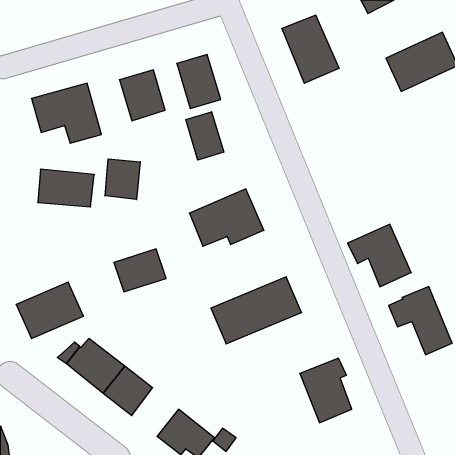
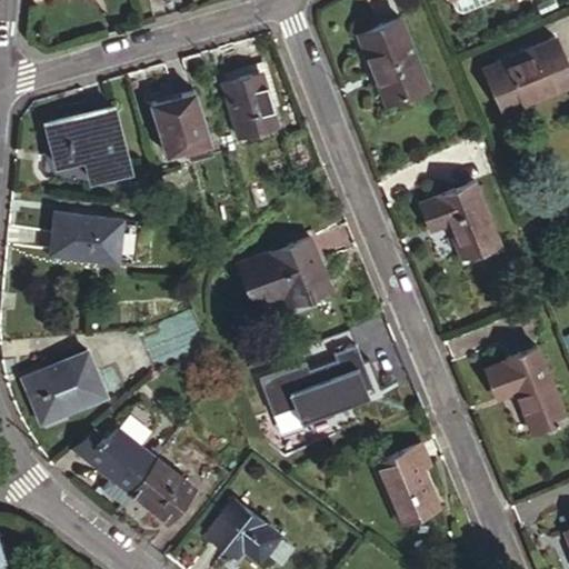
building: [186,112,224,160] -> none
building: [105,159,140,200] -> none
building: [348,224,411,287] -> [423,182,502,260]

